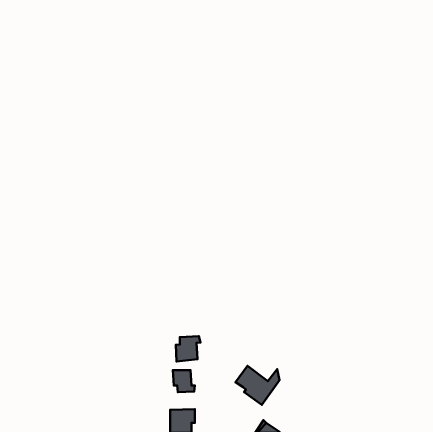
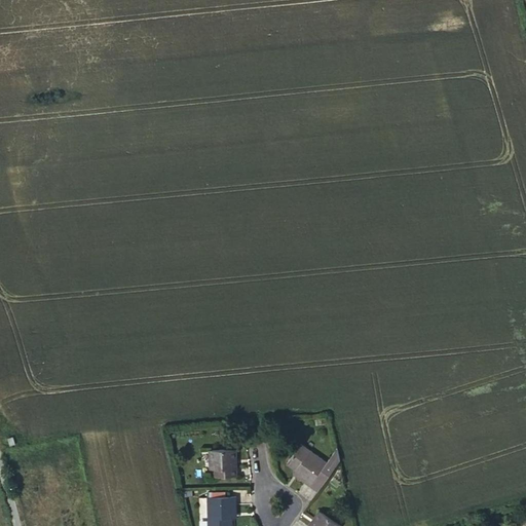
building: [176,336,201,361] -> none

